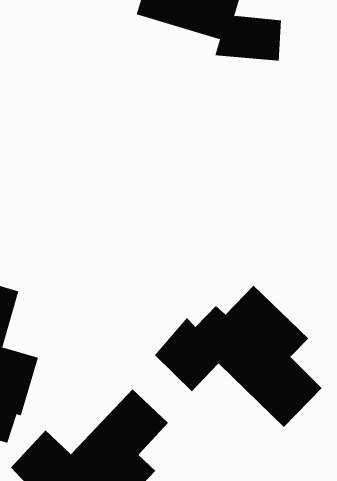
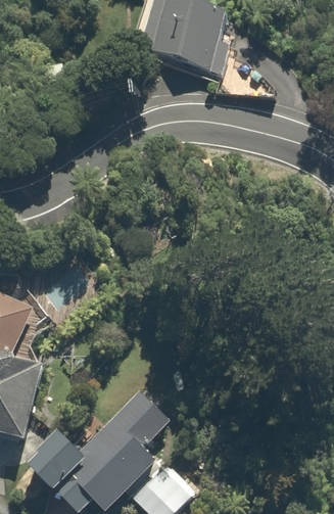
building: [154,285,323,428] -> none

